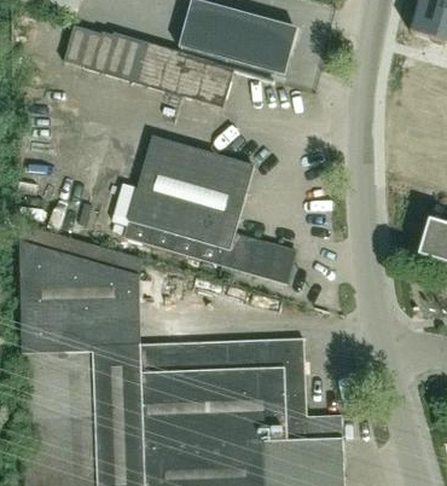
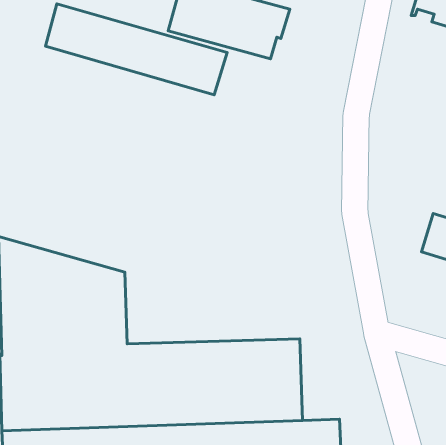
building: [124,135,296,283] -> none

